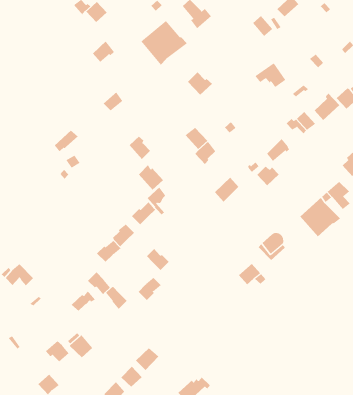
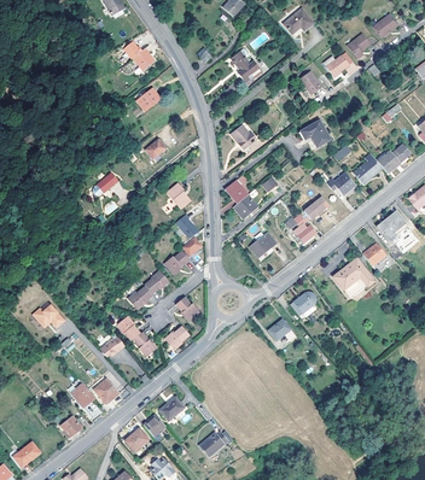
building: [141,20,188,66] -> none

